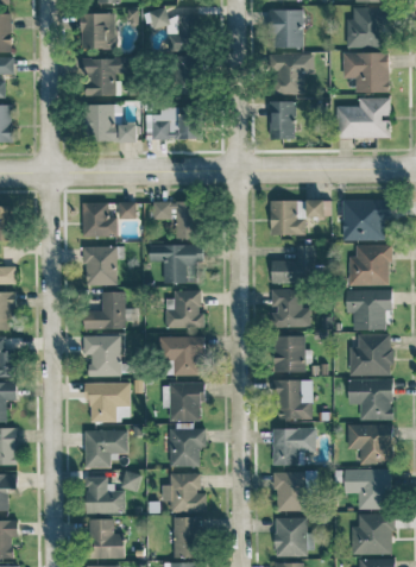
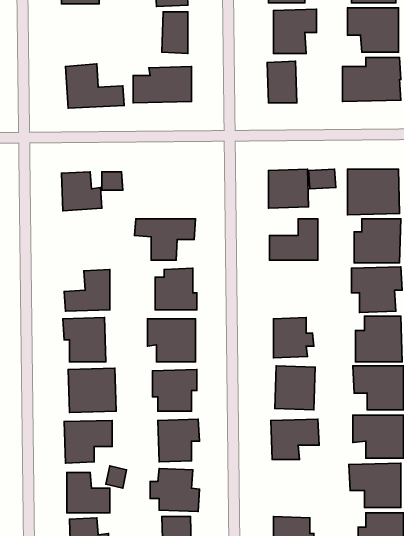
building: [78,58,127,96] -> none
building: [152,201,197,239] -> none
building: [83,246,116,285] -> none
building: [271,289,310,327] -> none
building: [275,471,307,511] -> none

